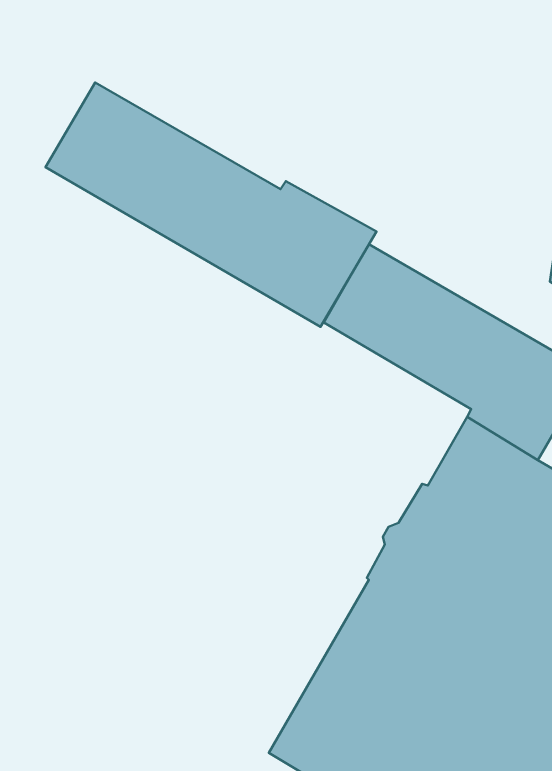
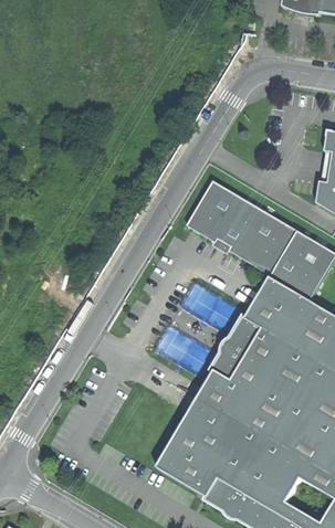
building: [45,83,376,327] -> none

